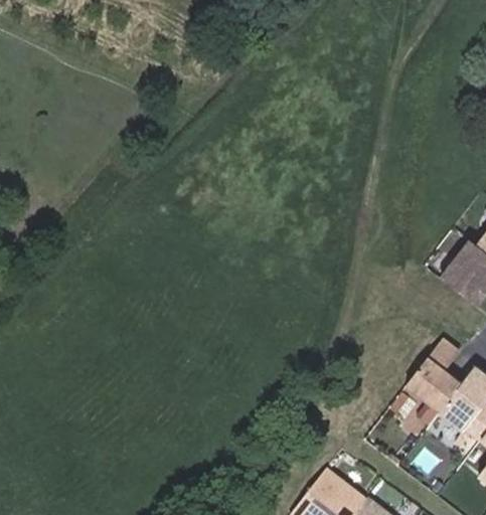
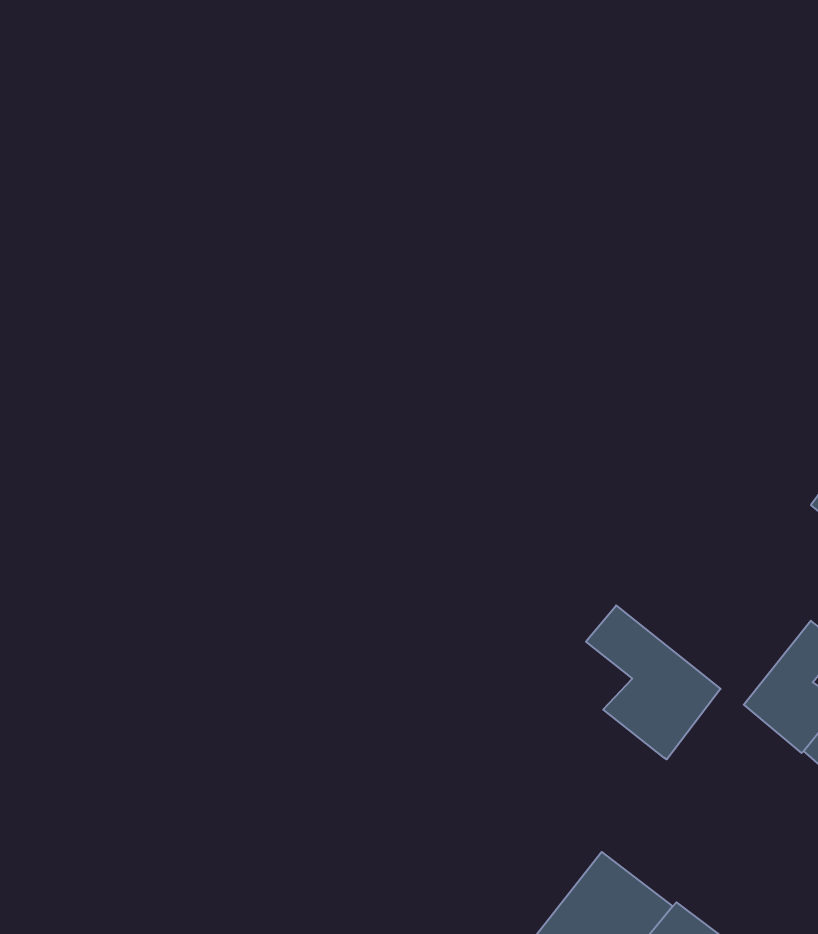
building: none -> [586,605,721,759]

